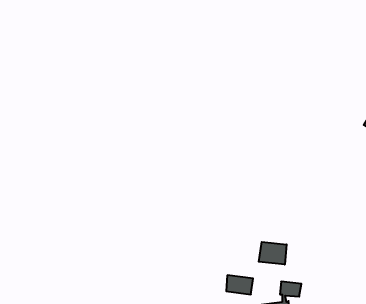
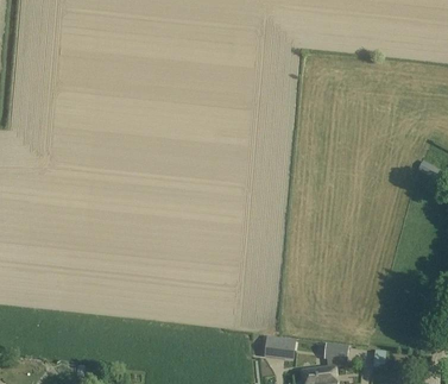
building: [259,242,287,265] -> none

